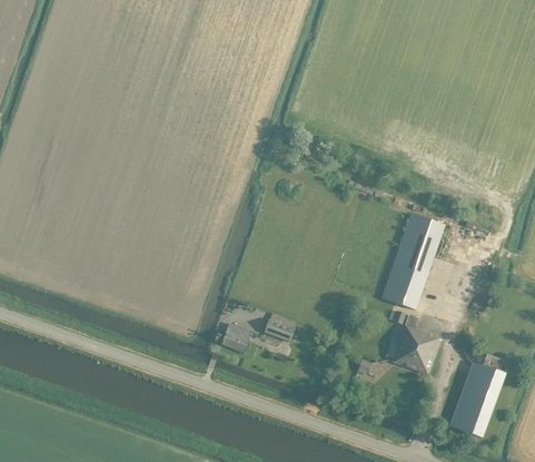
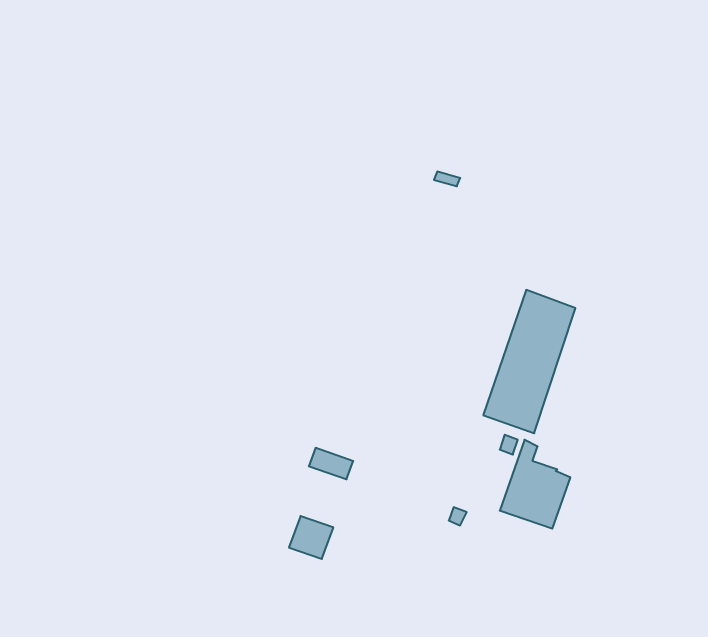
building: [220,324,250,353] -> [289,516,333,559]
building: [448,353,507,438] -> none

